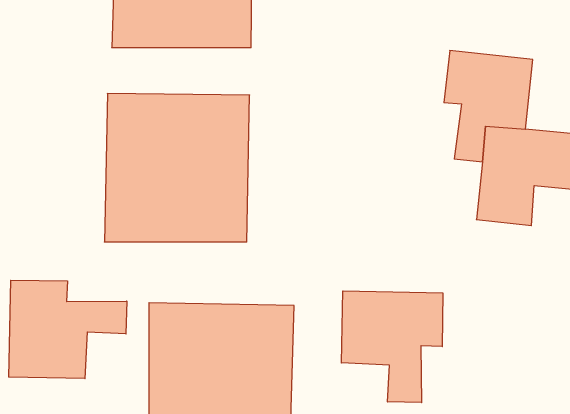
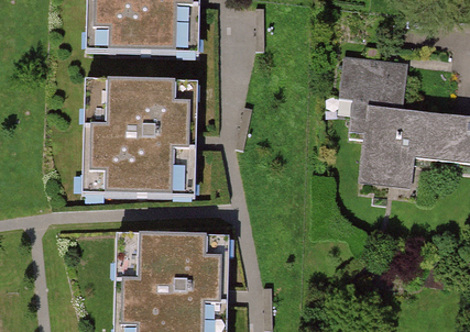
building: [9,280,127,379] -> none
building: [341,291,443,403] -> none

